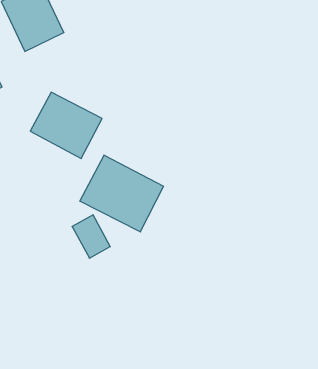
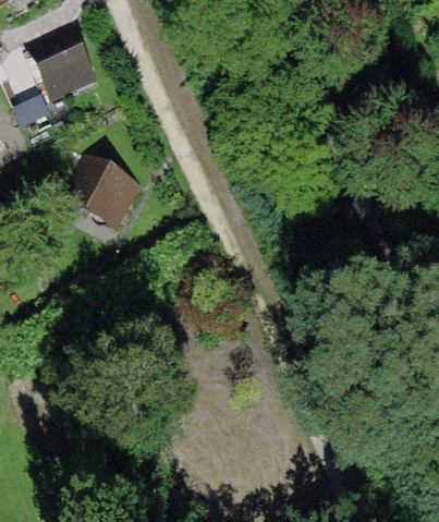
building: [80,155,163,232] -> none

